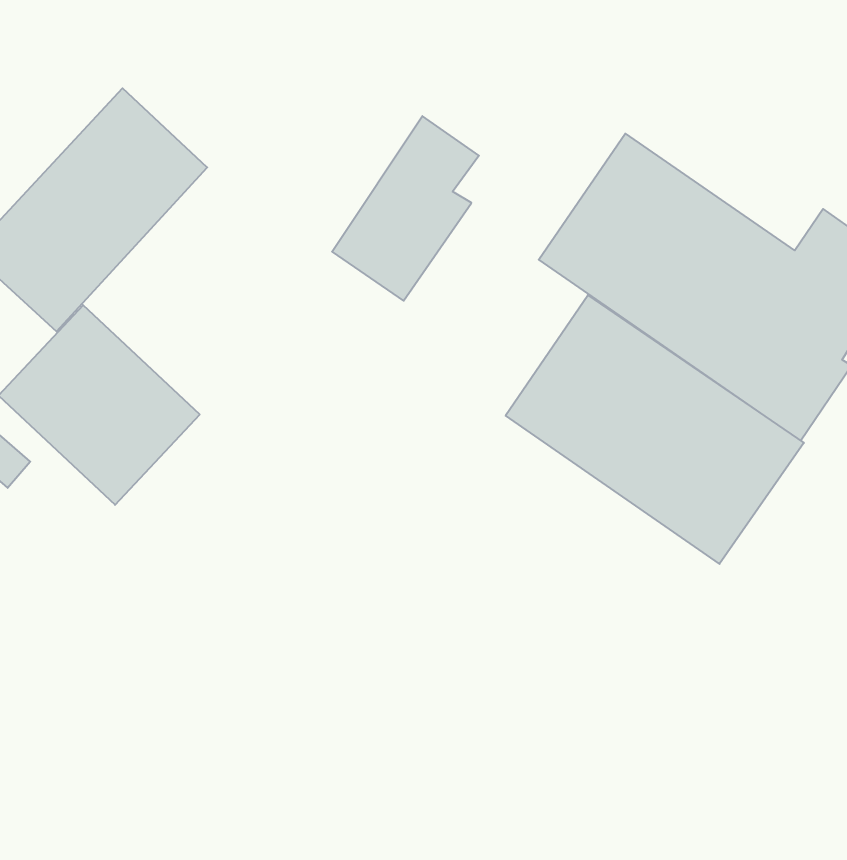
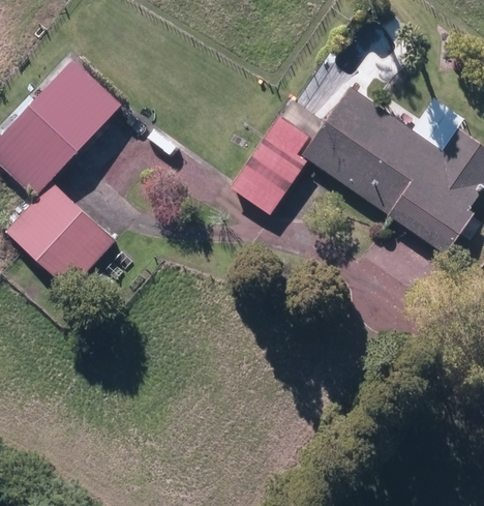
building: [332,116,479,301] -> [230,113,310,214]
building: [506,295,804,564] -> none

